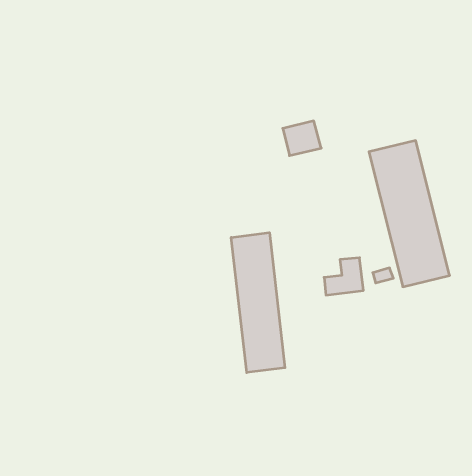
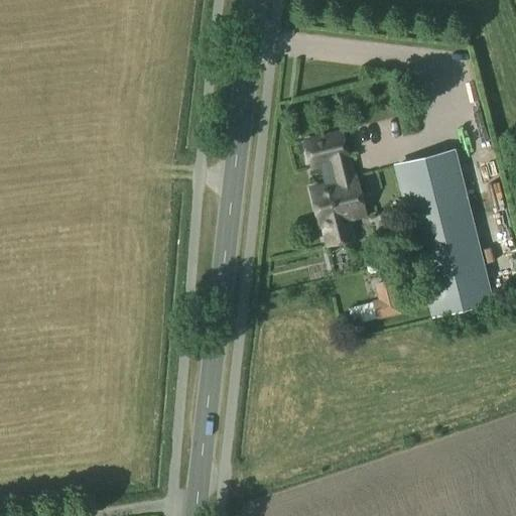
building: none -> [316,175,370,243]
building: [231,233,285,373] -> none

